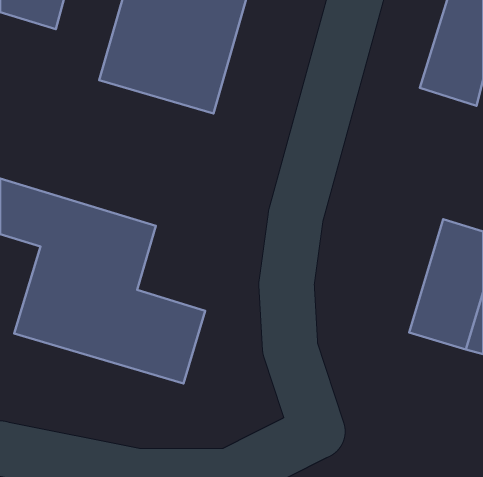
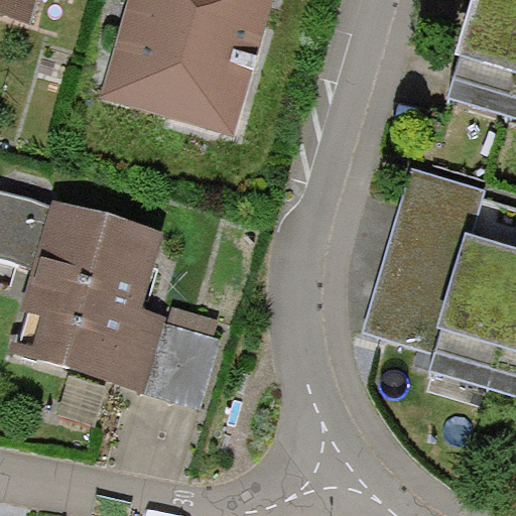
building: none -> [360,170,486,355]

